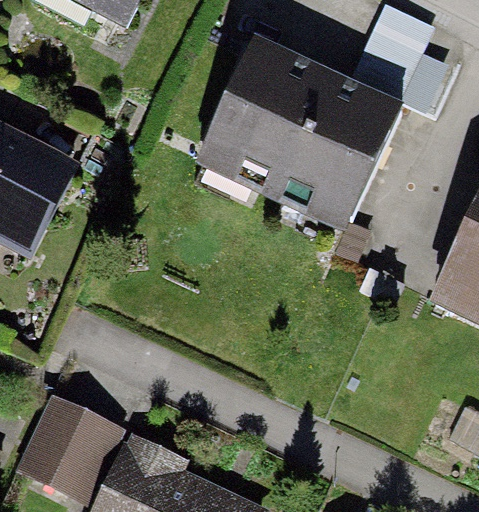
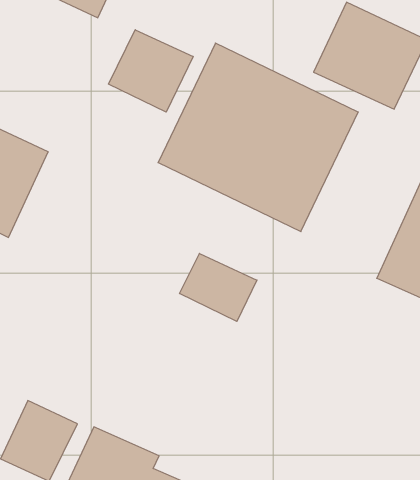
building: none -> [108,30,193,112]
building: none -> [180,253,257,321]

